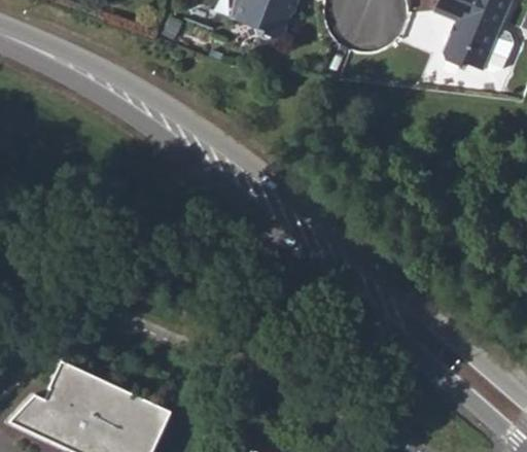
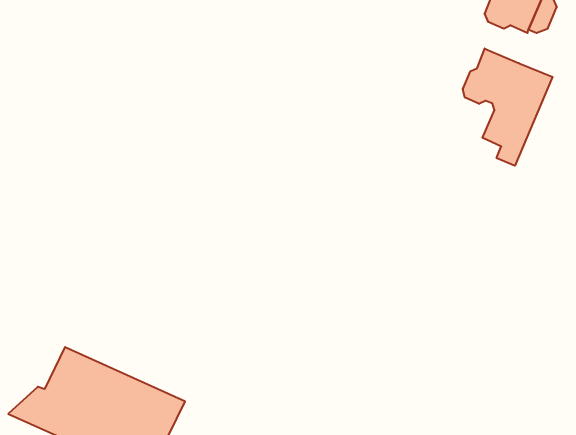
building: none -> [463,48,553,166]

